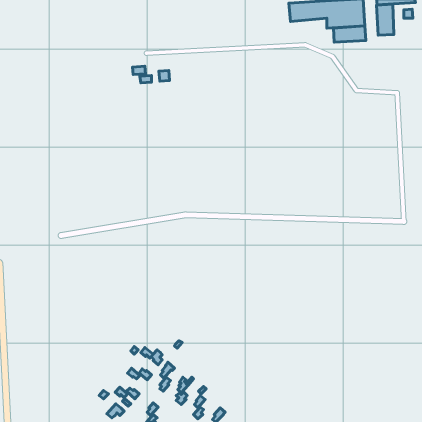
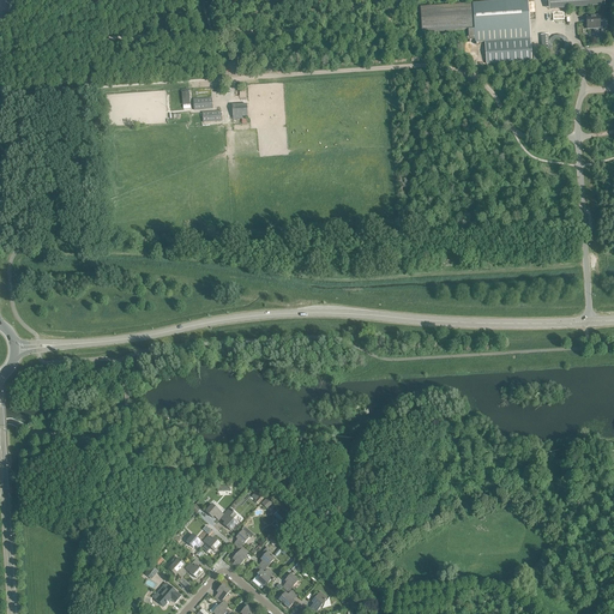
building: [376,4,394,35] -> none

